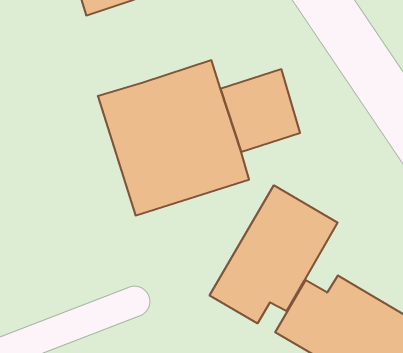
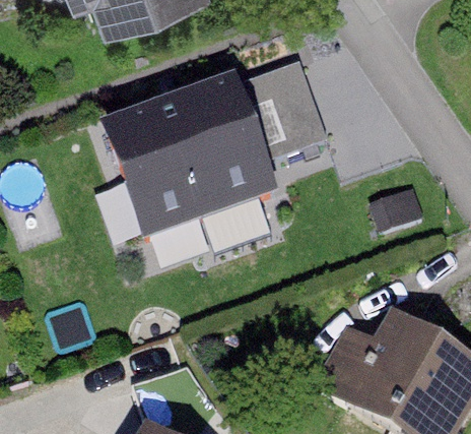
building: [210,185,338,323] -> none

